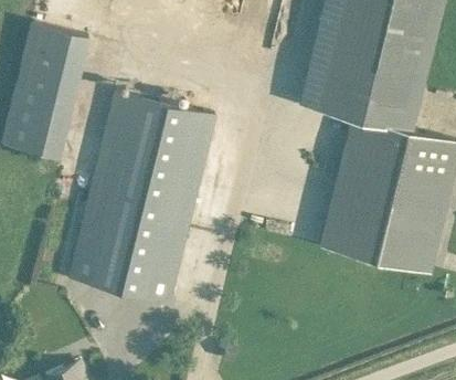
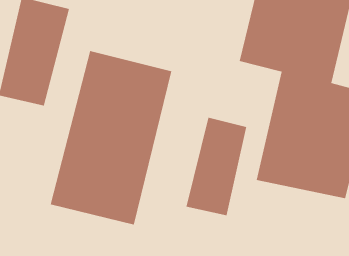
building: none -> [186,117,247,216]

